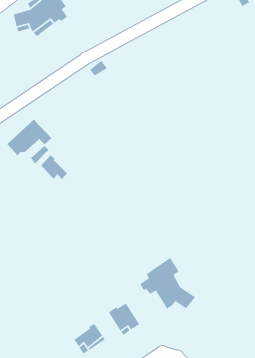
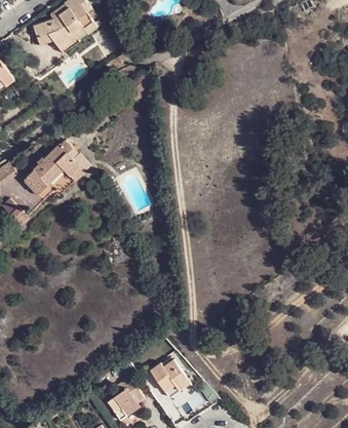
building: [40,155,68,180] -> none
building: [139,257,196,310] -> none

